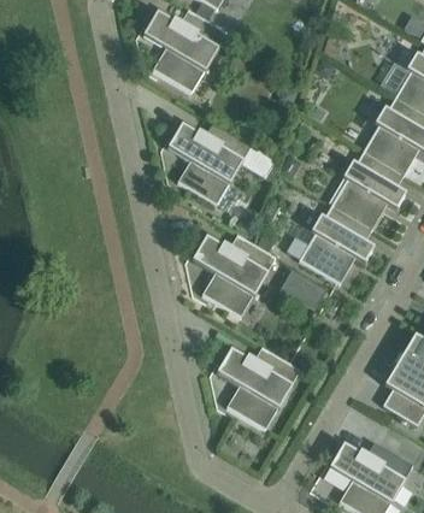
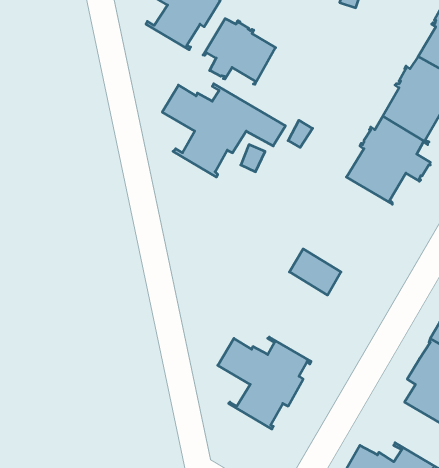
building: none -> [203,19,276,84]
building: [299,205,375,284] -> none
building: [193,232,276,317] -> none

